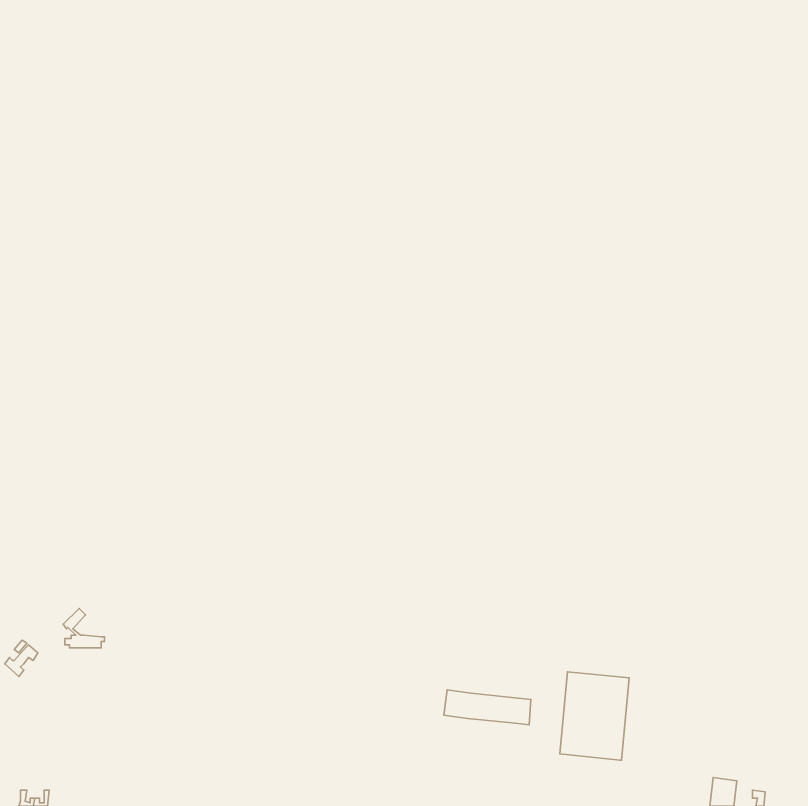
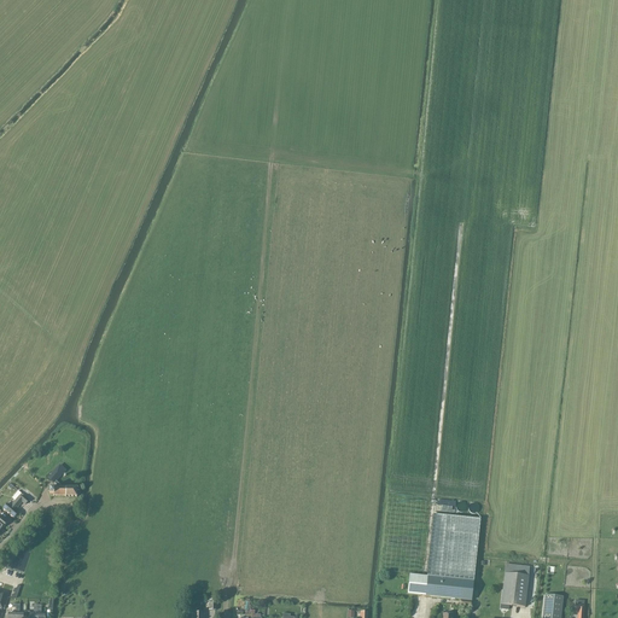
building: [444,690,531,725] -> [407,573,473,600]
building: none -> [501,562,530,606]

